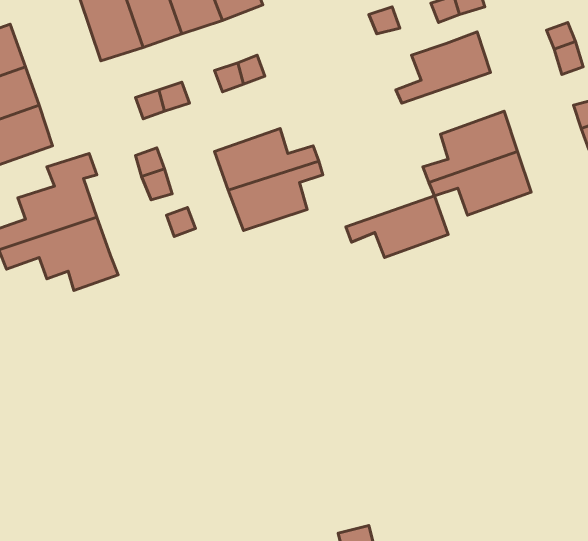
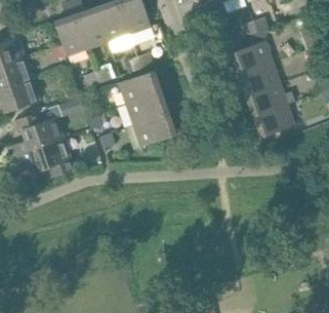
building: none -> [119,66,169,104]
building: [346,196,448,258] -> [225,62,280,94]

